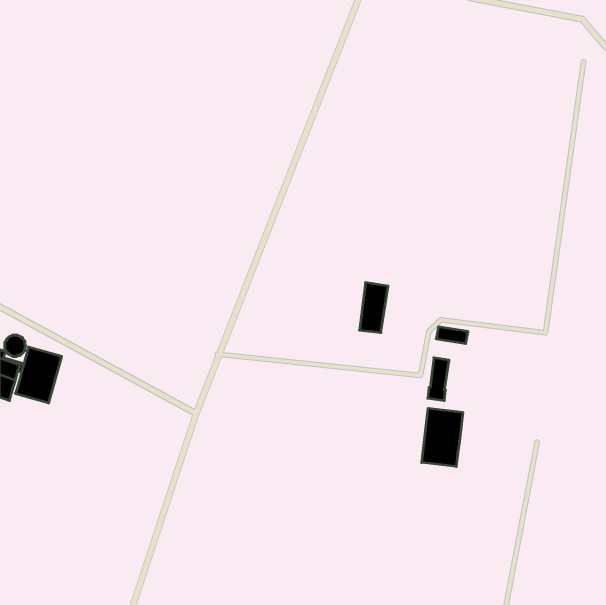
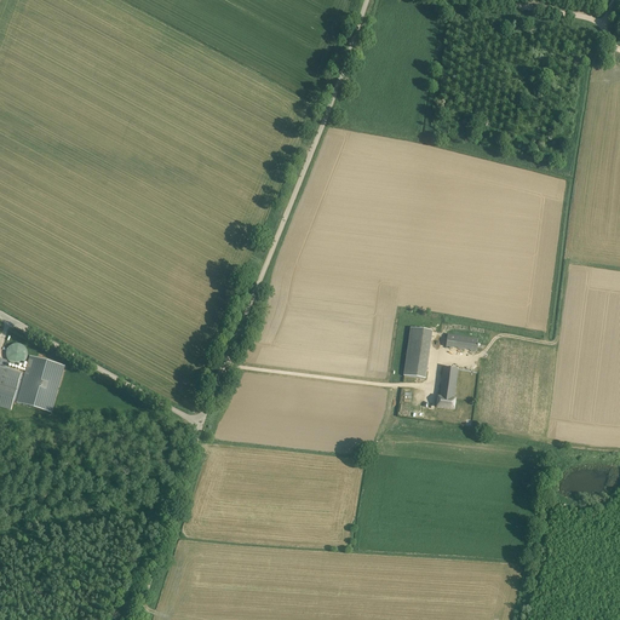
building: [359,283,388,333] -> [403,326,432,377]
building: [422,408,463,467] -> none

